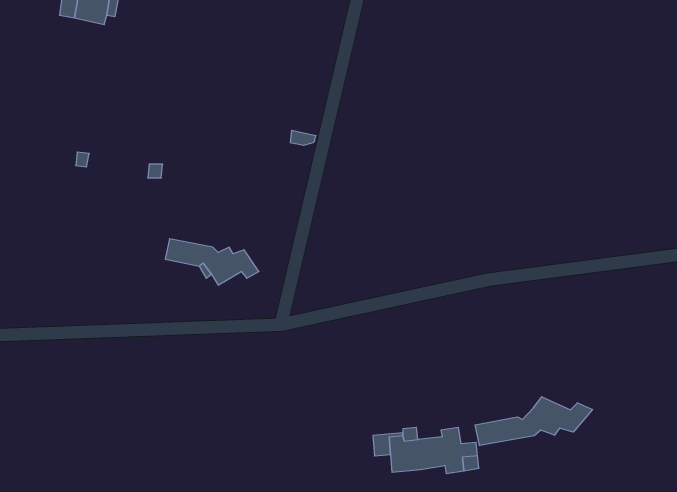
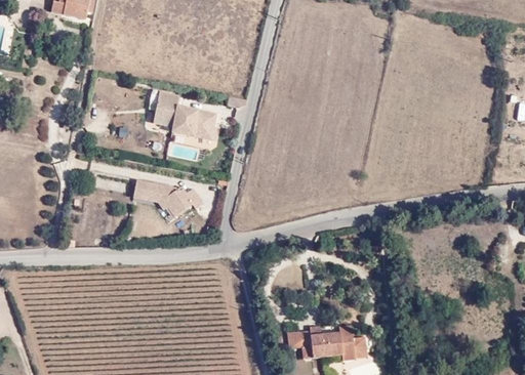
building: none -> [153,92,215,139]
building: [475,397,592,446] -> none

